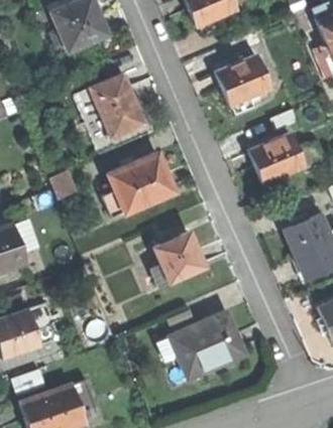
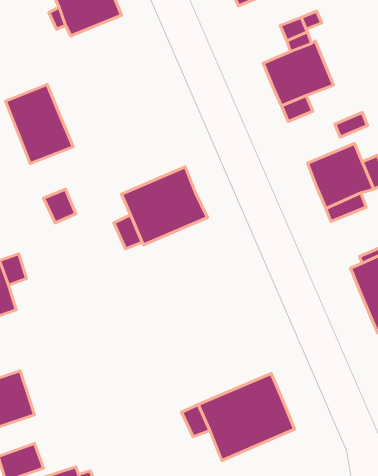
building: [93,75,145,136] -> [5,84,73,164]
building: [153,233,206,286] -> none

